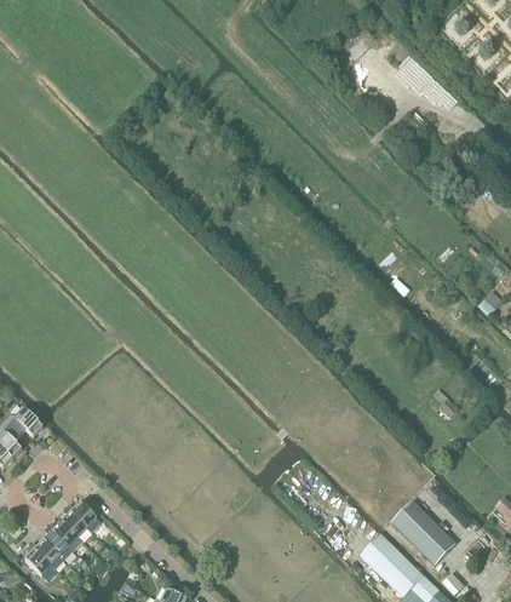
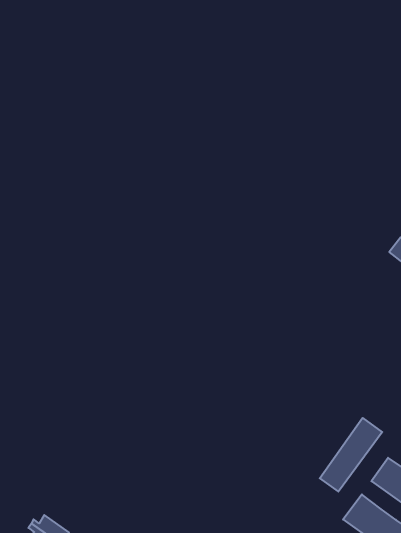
building: none -> [320,418,382,492]

